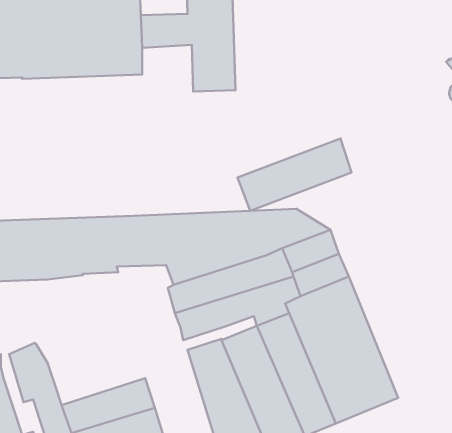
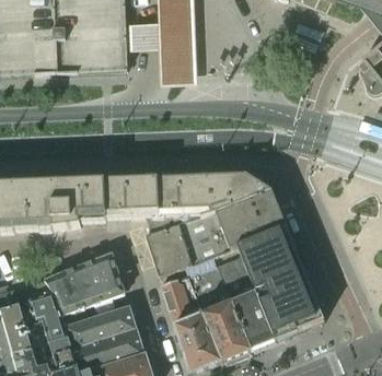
building: [237,138,352,211] -> none
building: none -> [43,250,123,315]

